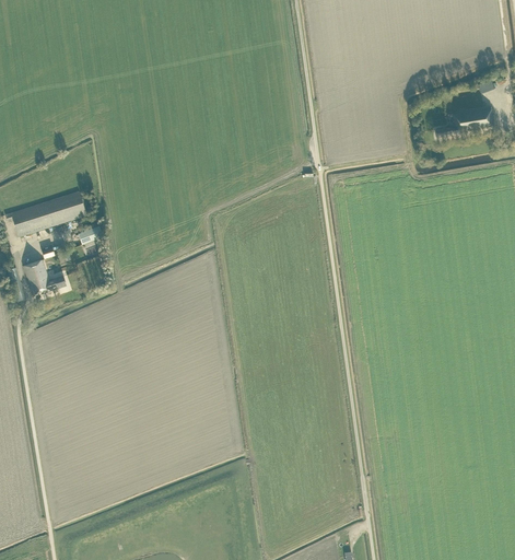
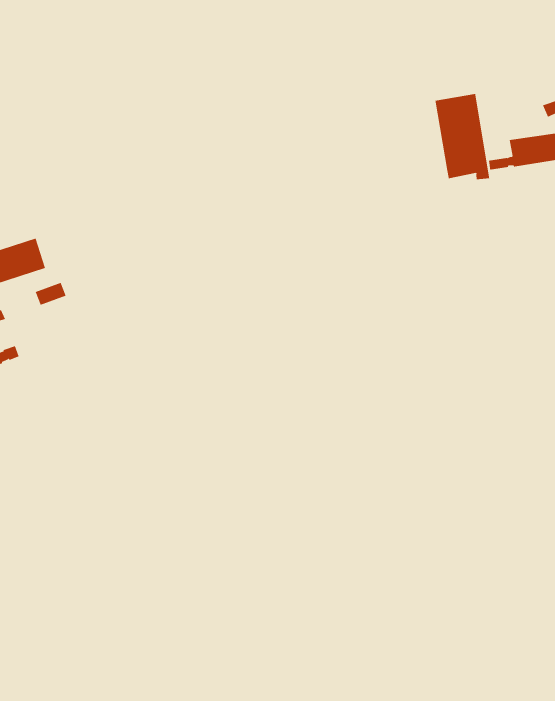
building: none -> [435,93,490,180]

